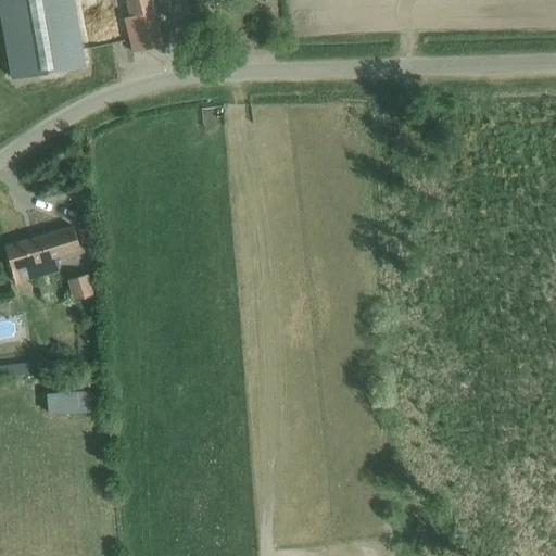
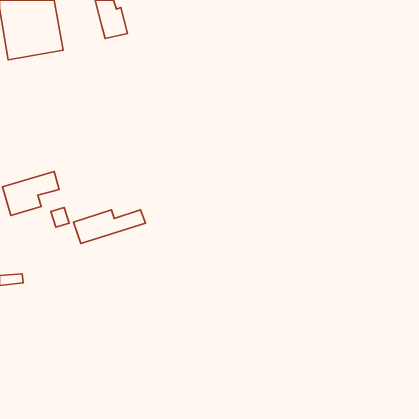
building: none -> [73,210,146,244]
building: [51,387,92,408] -> none

